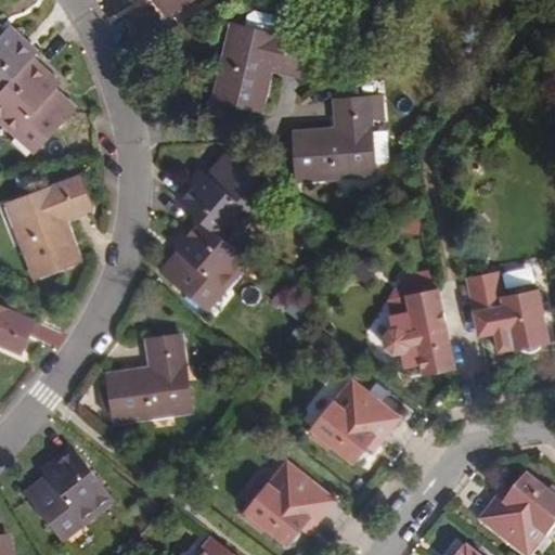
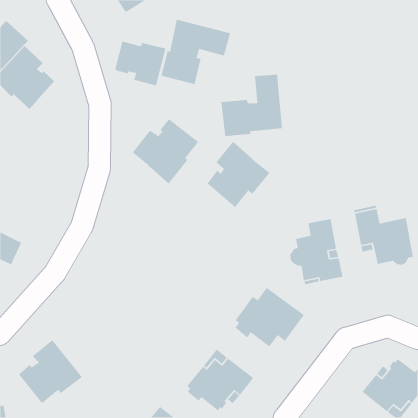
building: none -> [114,41,166,86]
building: [9,176,90,276] -> none
building: [160,219,245,308] -> [207,141,270,208]
building: [106,333,189,420] -> none

